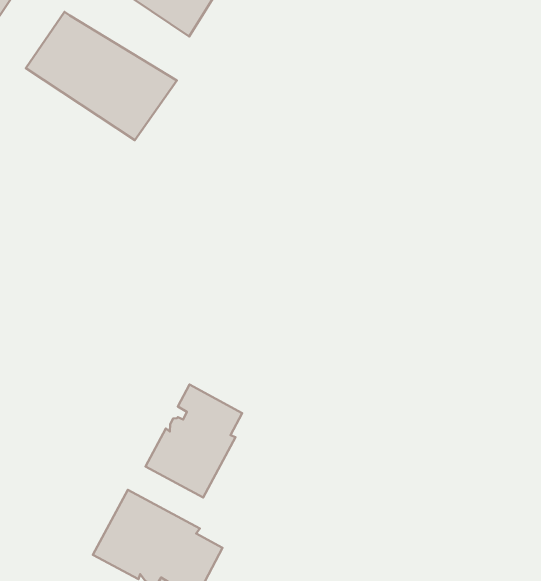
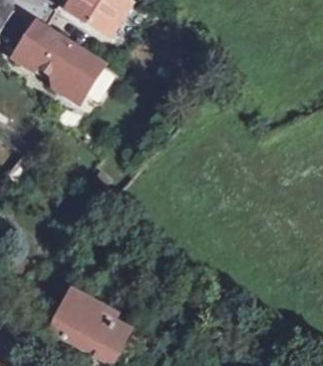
building: [145,385,242,497] -> none

